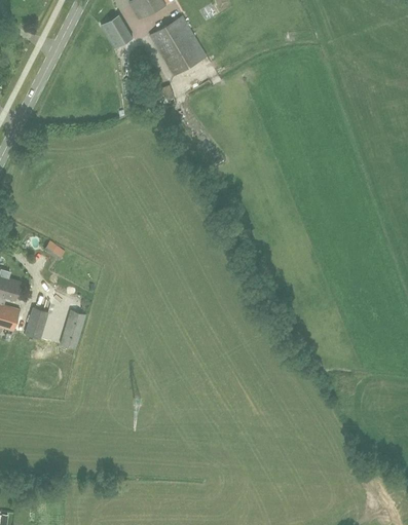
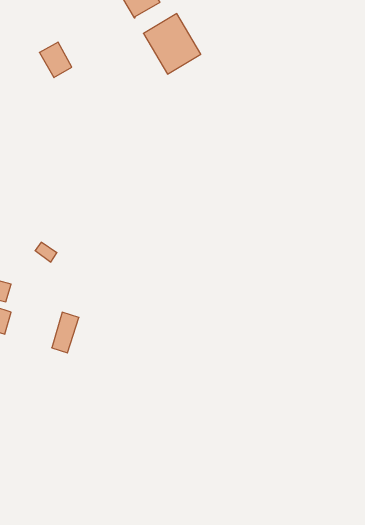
building: [101,13,133,48] -> [39,42,72,78]
building: [25,307,54,341] -> none

